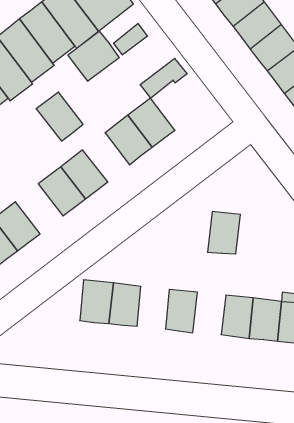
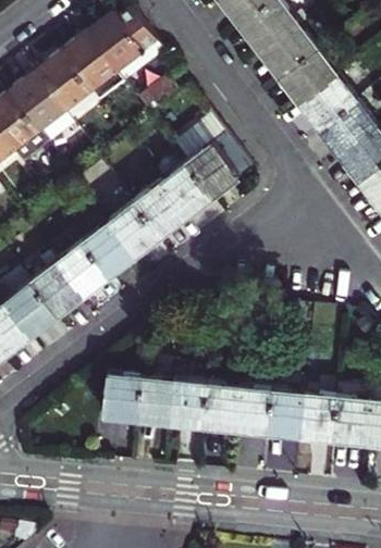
building: [68,31,119,81] -> none
building: none -> [183,135,250,200]
building: [36,92,83,141] -> [105,203,159,260]
building: none -> [27,262,82,320]
building: [207,212,240,254] -> [232,387,270,436]
building: none -> [168,381,205,429]

